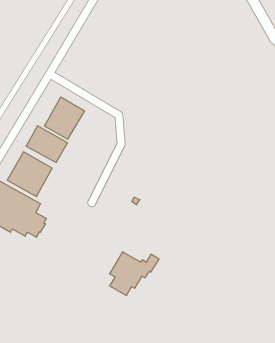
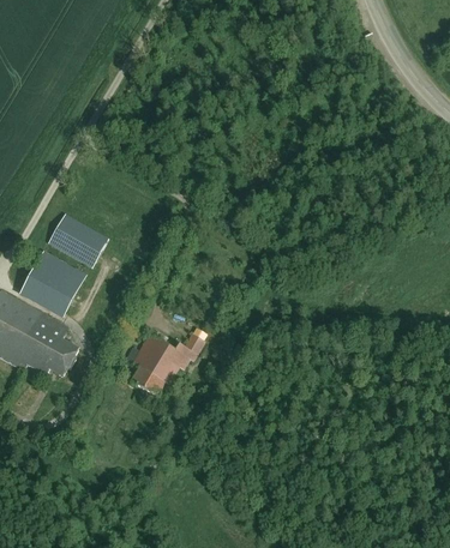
building: [44,97,84,139] -> none
building: [109,252,159,296] -> [131,331,204,396]

